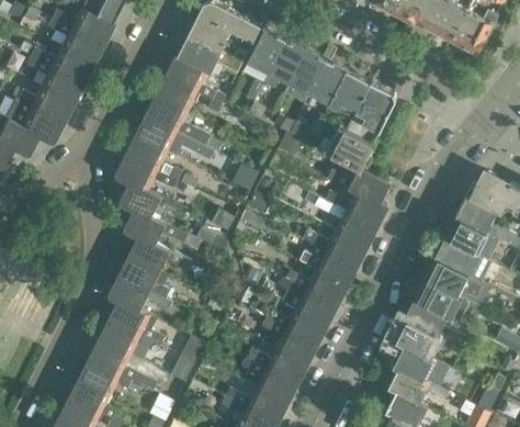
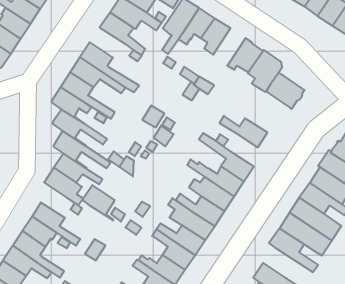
building: [309,59,347,104] -> none
building: [156,77,200,112] -> none
building: [326,126,373,169] -> [266,73,305,109]
building: [342,188,385,226] -> none
building: [110,276,150,316] -> [83,185,115,220]
building: [393,317,445,361] -> none

